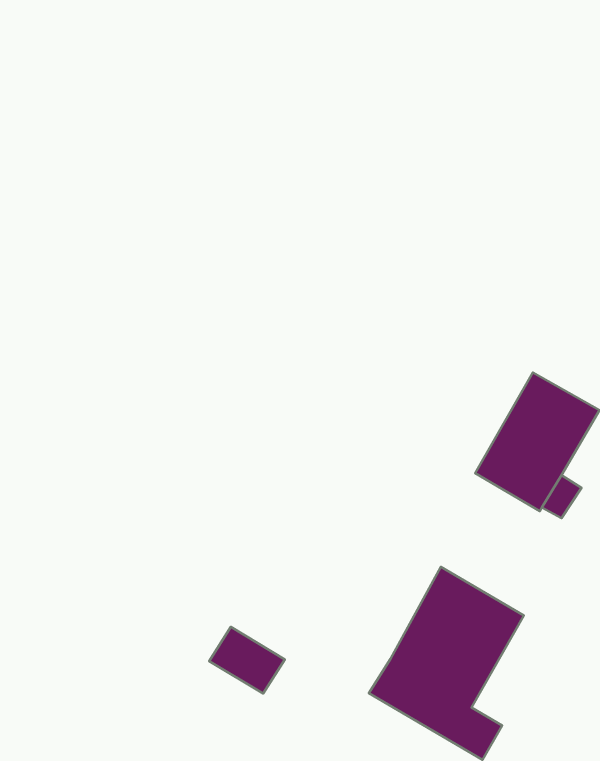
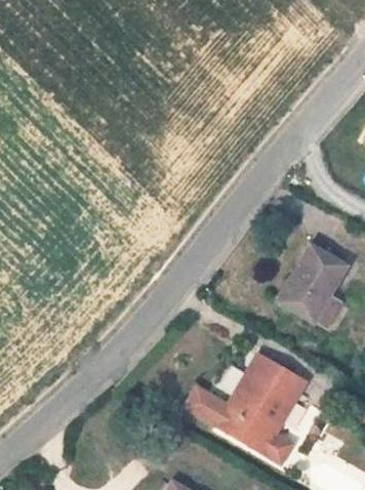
building: [209,627,285,694] -> [186,387,229,425]

